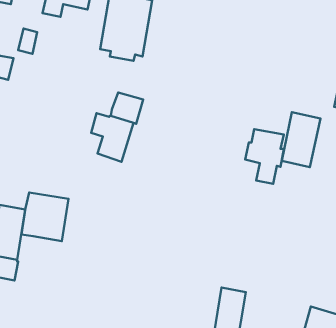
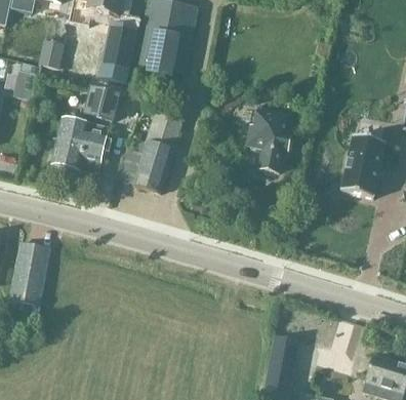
building: none -> [98,21,138,82]
building: none -> [85,83,121,119]
building: none -> [51,114,109,170]
building: [245,129,284,184] -> [246,106,290,168]
building: [22,193,68,241] -> none

